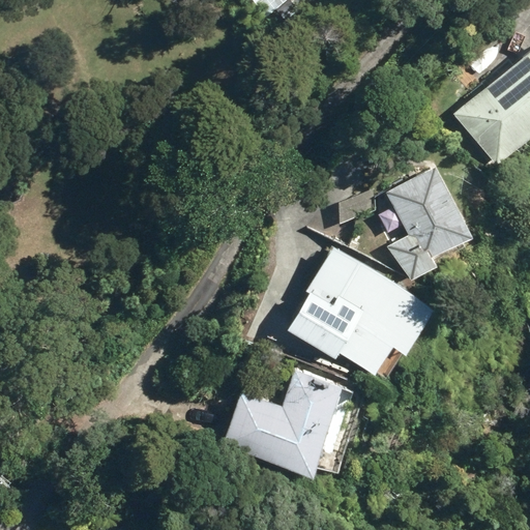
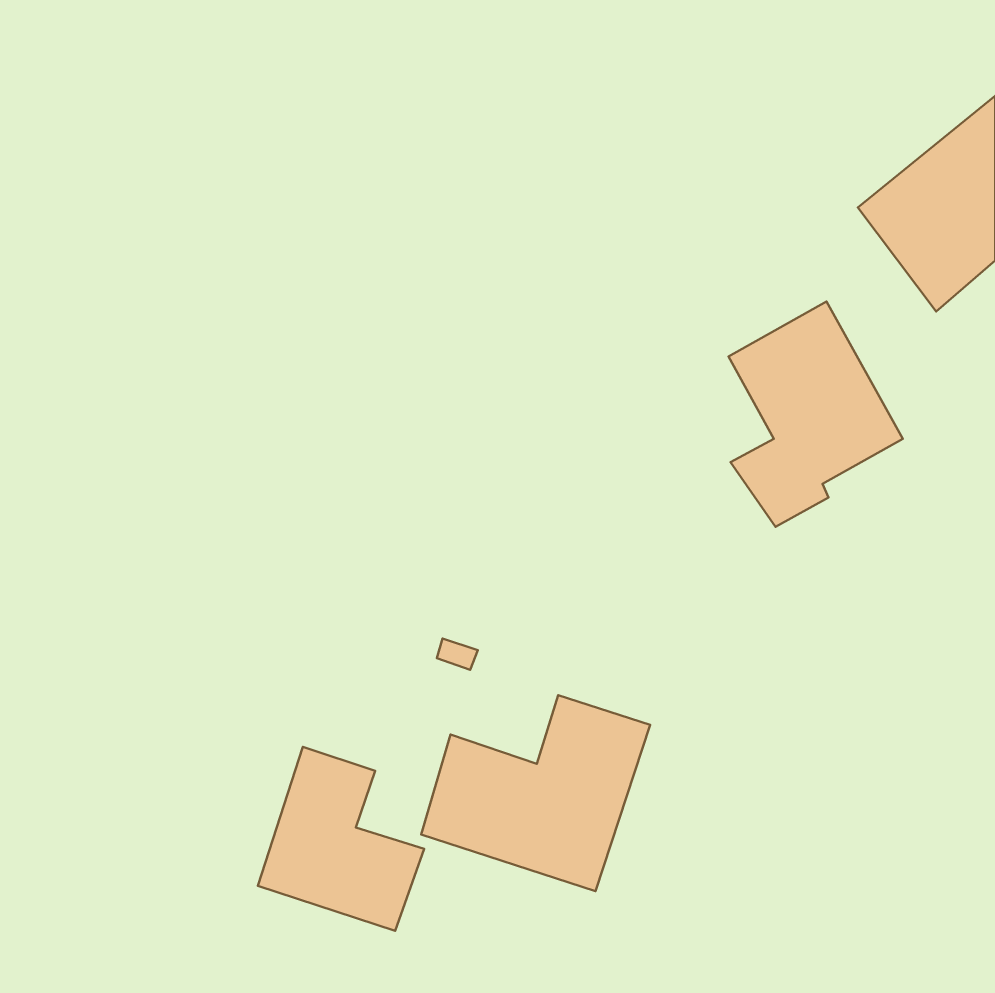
building: [299,245,419,378] -> none
building: none -> [258,747,424,931]

